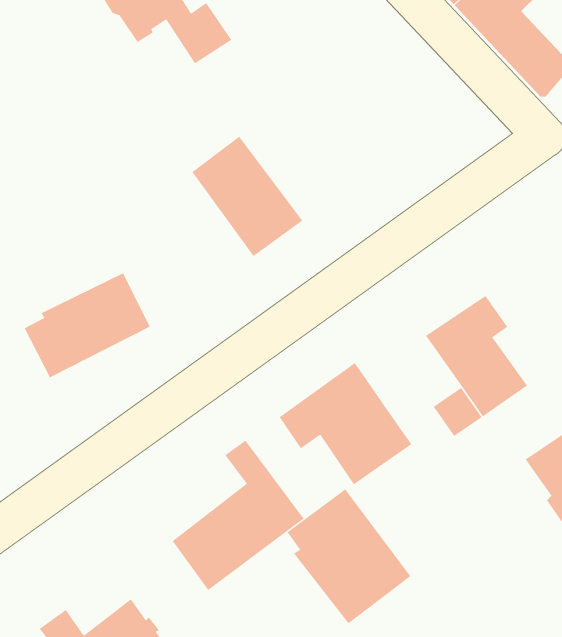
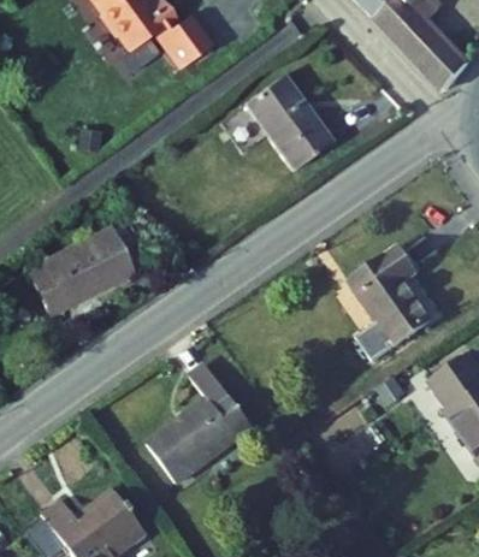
building: [191,136,303,257] -> [244,73,333,170]
building: [279,362,412,485] -> none
building: [287,489,411,624] -> none

